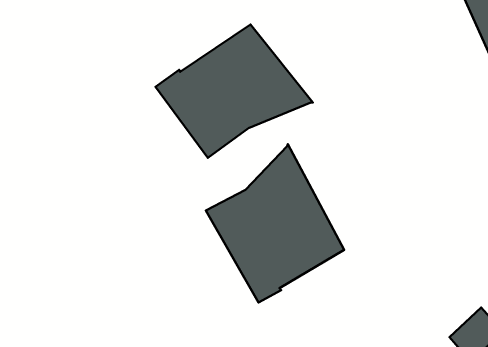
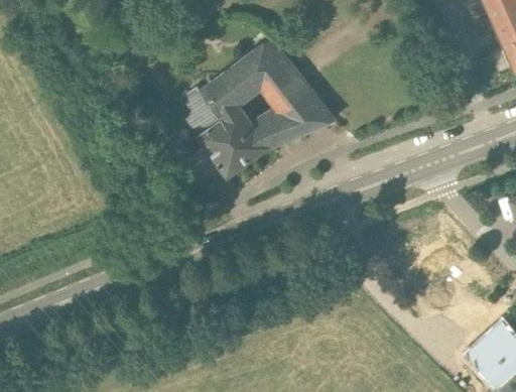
building: [206,144,344,303] -> none

